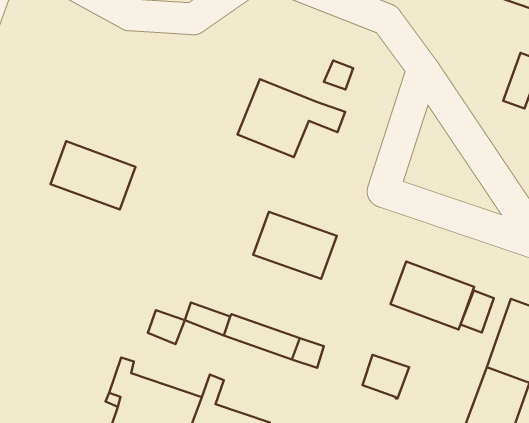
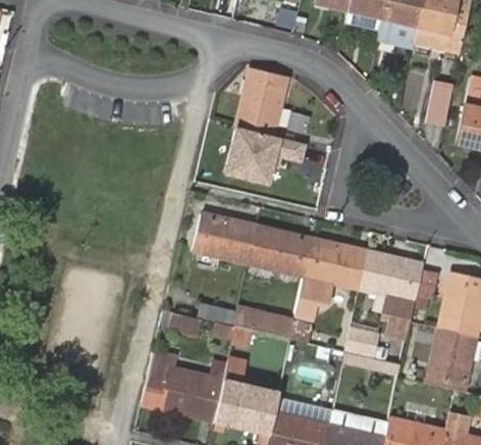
building: none -> [236,71,285,138]
building: [51,141,135,210] -> [192,214,256,262]
building: none -> [292,240,367,319]
building: none -> [383,295,414,337]

